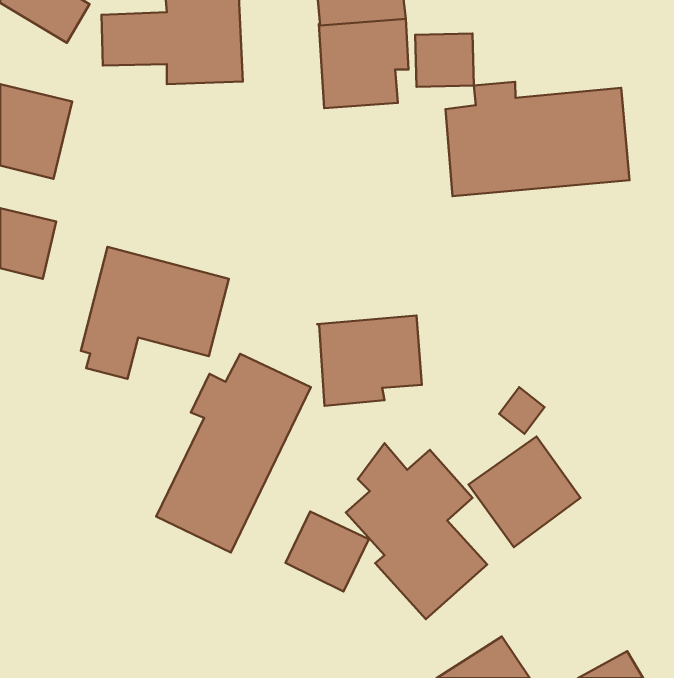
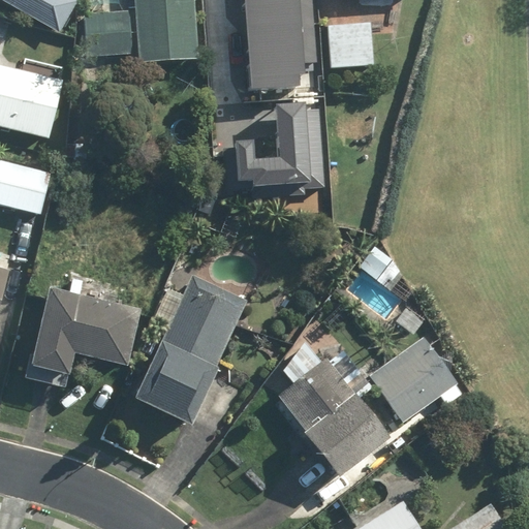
building: [446,82,629,196] -> none
building: none -> [228,96,334,190]
building: [81,247,229,379] -> [28,286,143,388]
building: [317,316,422,406] -> none
building: [286,512,369,591] -> none

